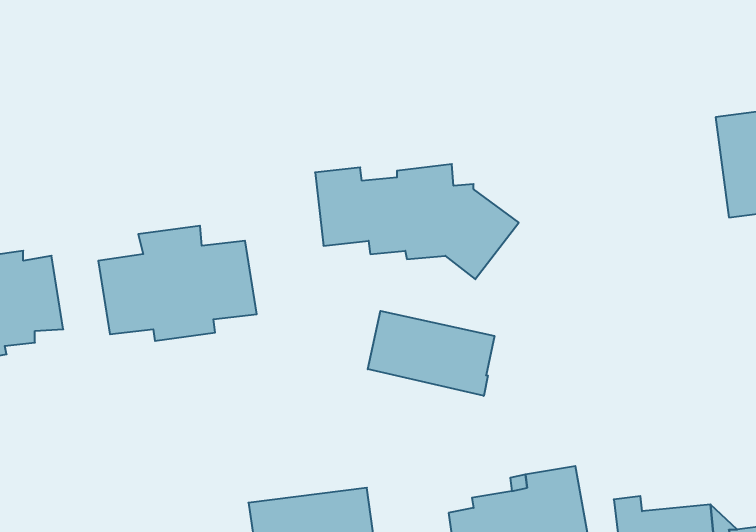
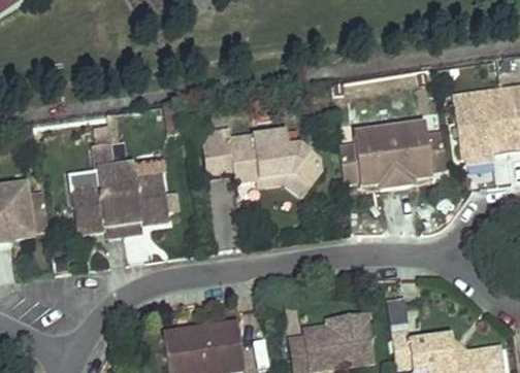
building: none -> [337,124,444,185]
building: [368,311,494,396] -> none

